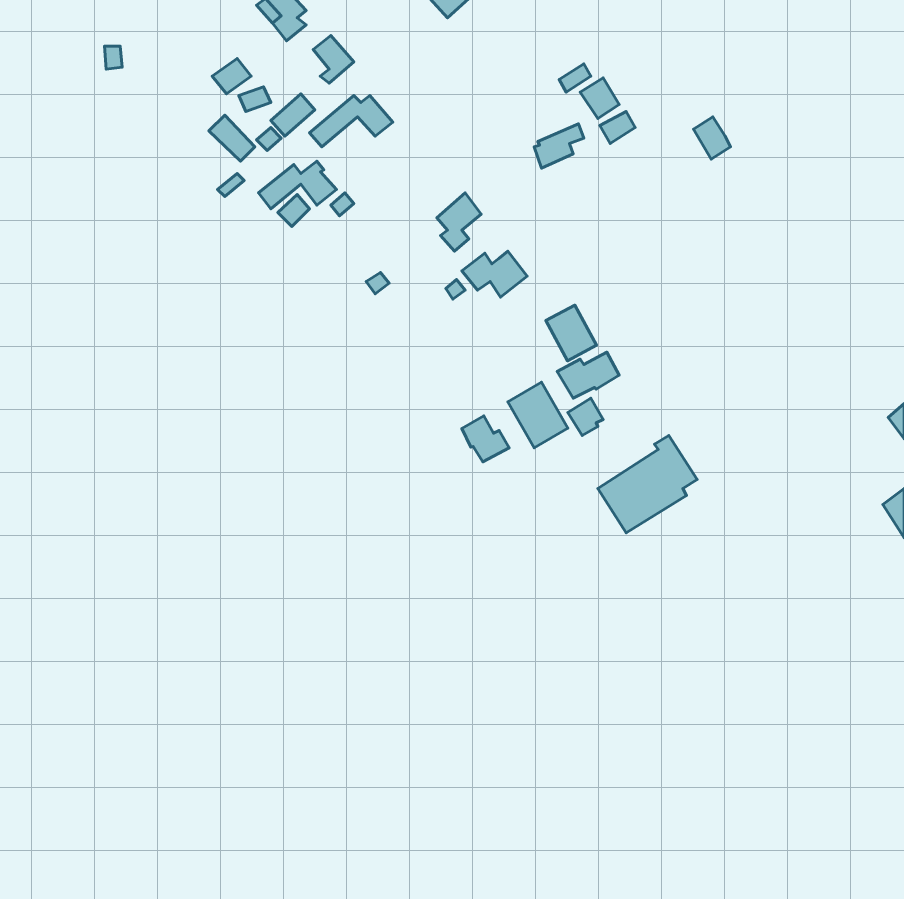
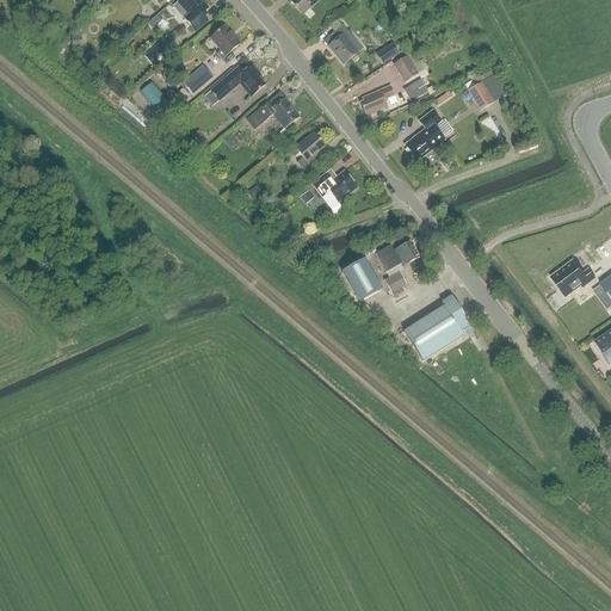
building: none -> [327,21,357,61]
building: none -> [405,107,445,159]
building: [259,161,336,209] -> [246,95,298,128]
building: [546,305,596,361] -> none
building: none -> [550,258,595,291]
building: [462,416,509,462] -> none

